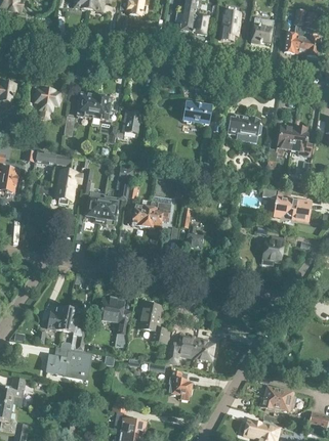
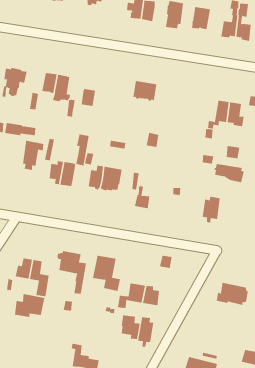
building: [228,113,261,142] -> none
building: none -> [137,316,154,348]
building: [258,385,296,411] -> [216,282,249,305]

